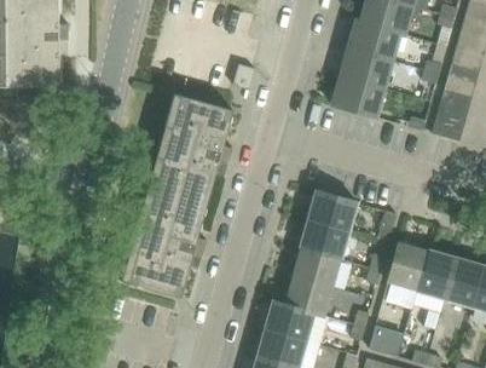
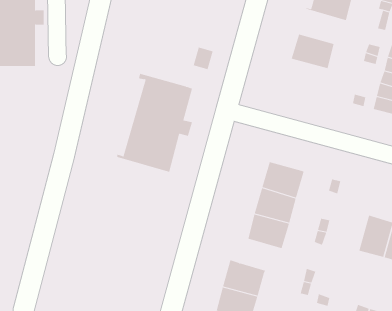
building: [349,22,403,61] -> none
building: [334,77,382,116] -> none
building: [121,186,207,297] -> none
building: [387,242,427,291] -> none
building: [284,277,331,317] -> none

